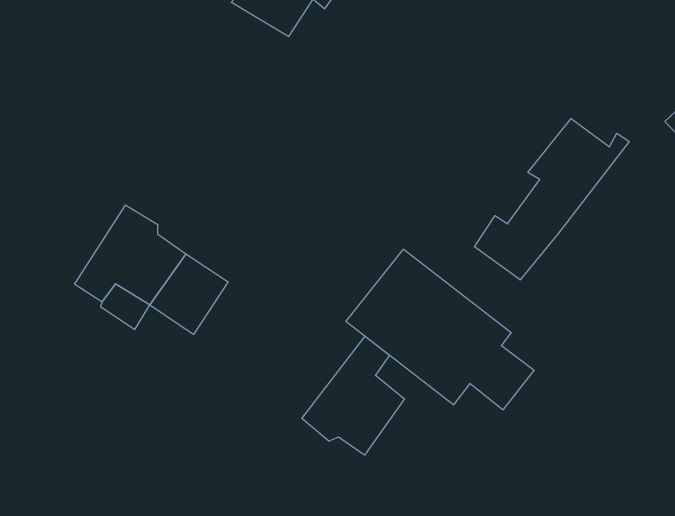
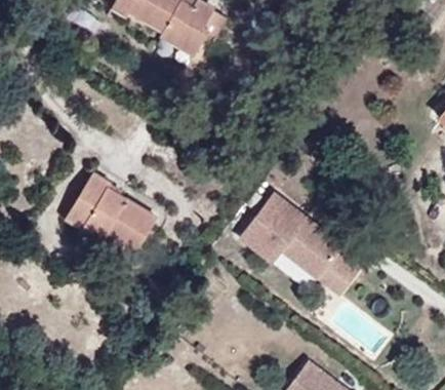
building: [474,119,629,280] -> none
building: [302,336,405,455] -> none

